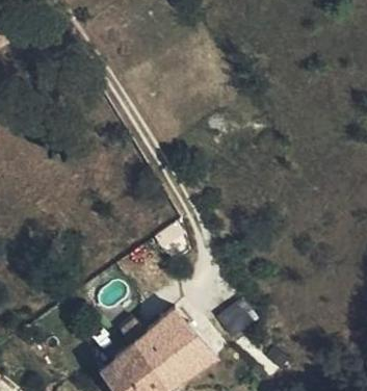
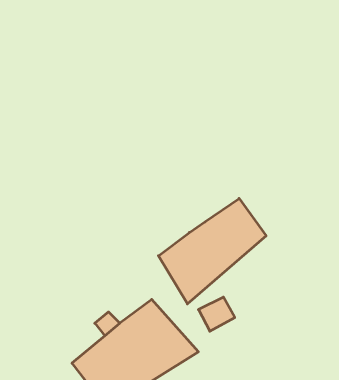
building: none -> [158,198,266,304]

